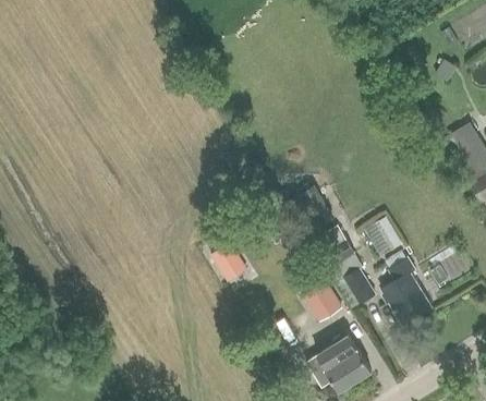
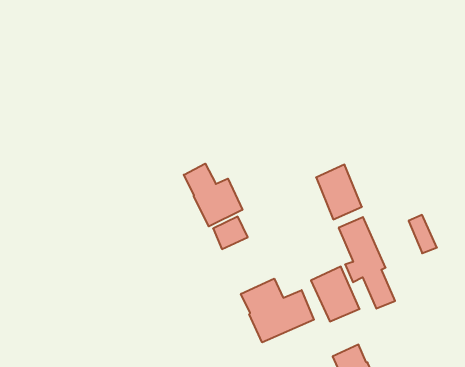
building: none -> [184,164,242,226]
building: [380,252,429,323] -> none
building: none -> [241,279,314,342]

